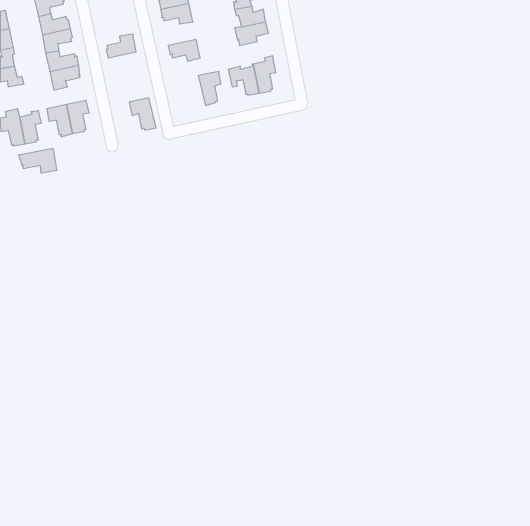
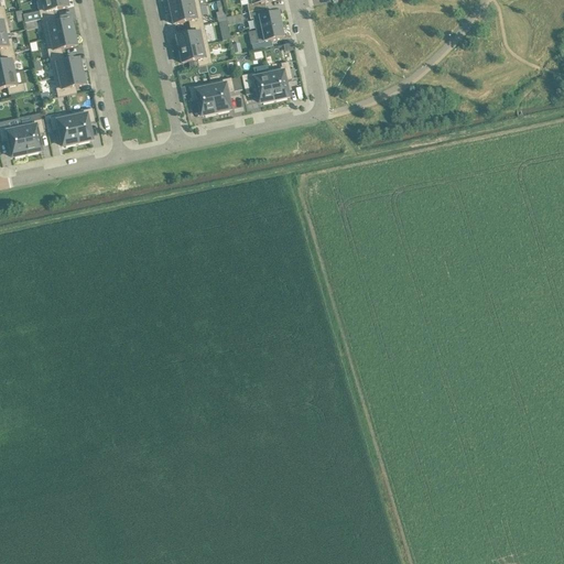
building: [106,34,136,58] -> [176,23,208,48]
building: [129,98,156,130] -> [189,80,218,115]
building: [19,148,57,173] -> none

